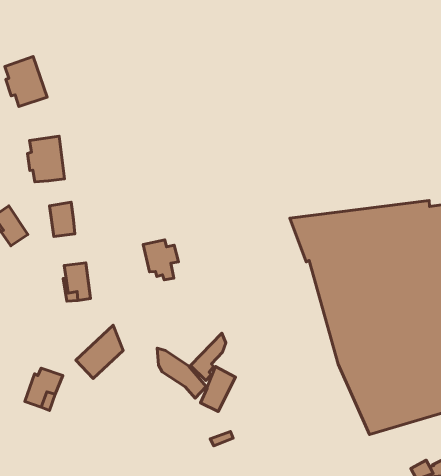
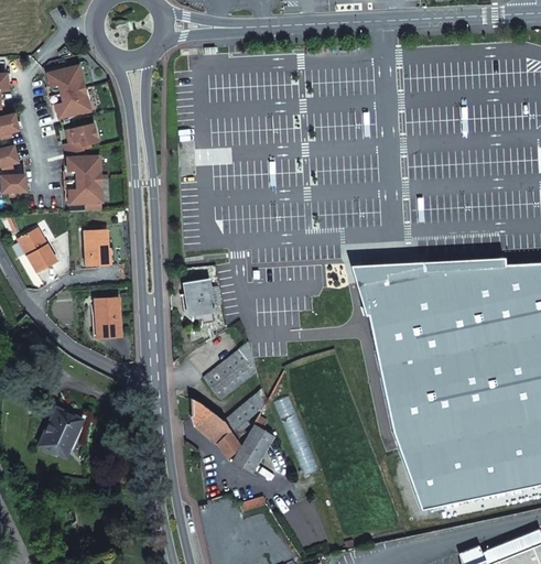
building: none -> [64,124,99,155]
building: [76,325,123,379] -> [205,341,258,399]

